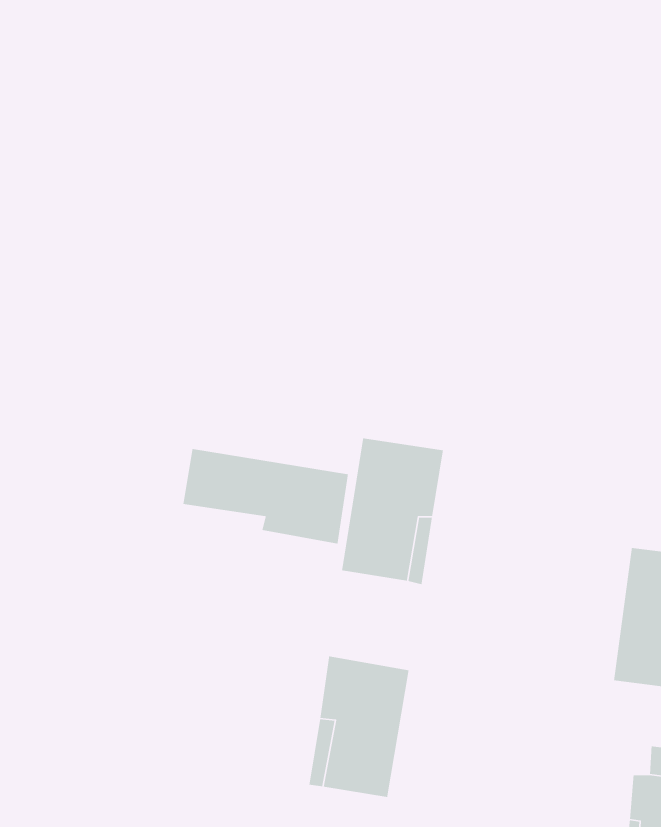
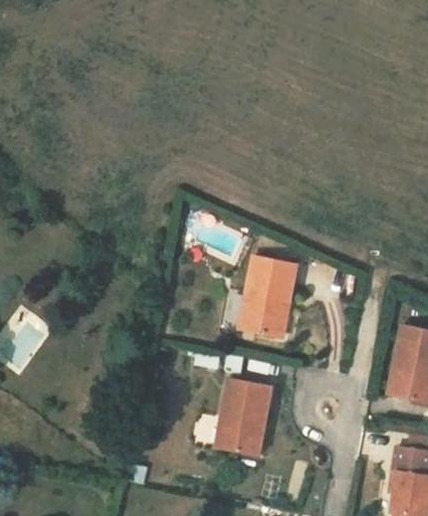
building: [182,448,349,544] -> none

